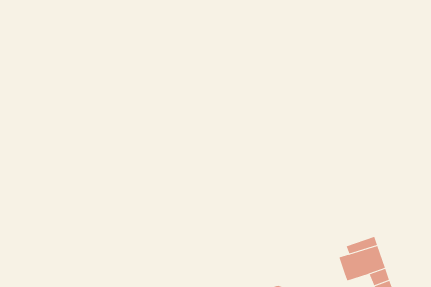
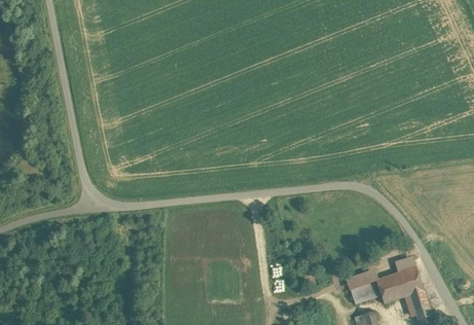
building: none -> [349,280,379,303]

